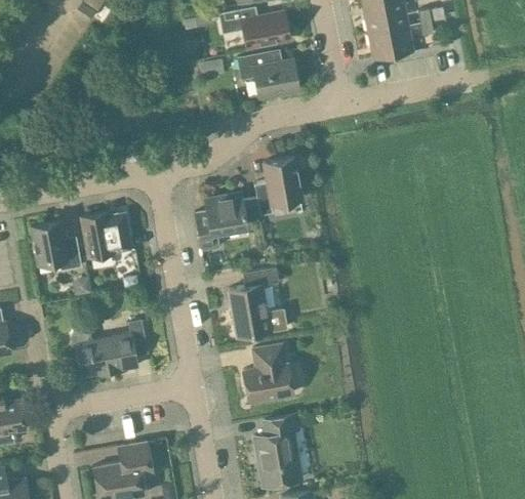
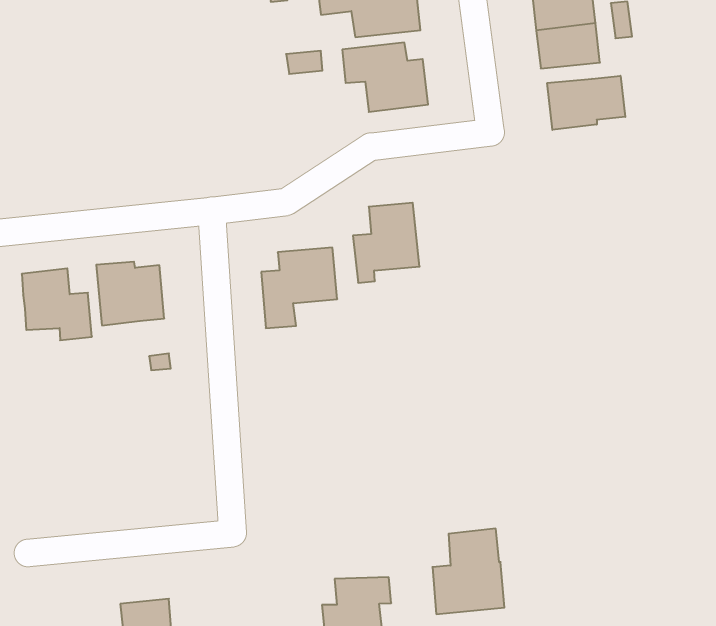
building: none -> [547,76,625,130]
building: [230,266,283,336] -> none
building: [71,319,149,376] -> none
building: [243,340,294,402] -> [432,529,504,614]

